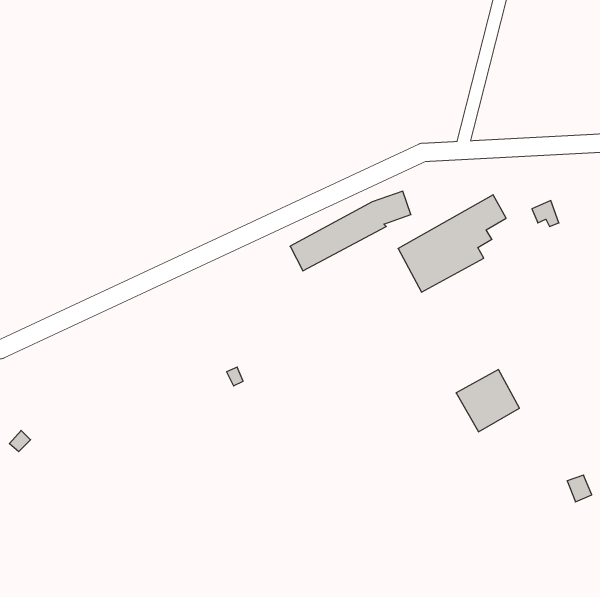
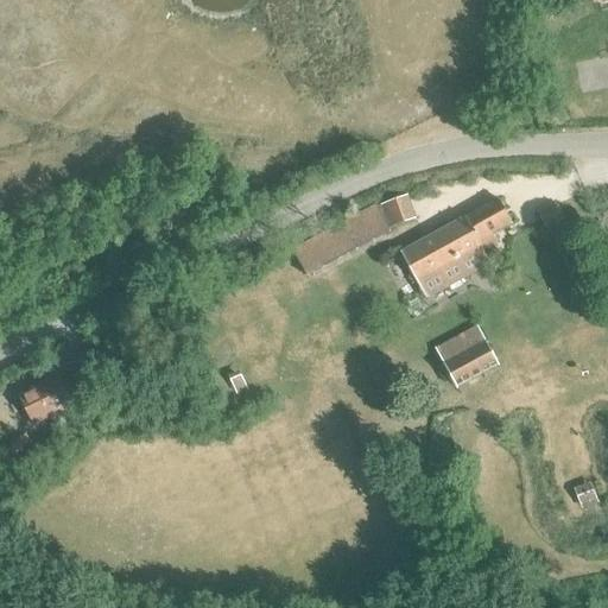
building: none -> [19,374,71,423]
building: [456,370,519,432] -> [435,324,499,387]

